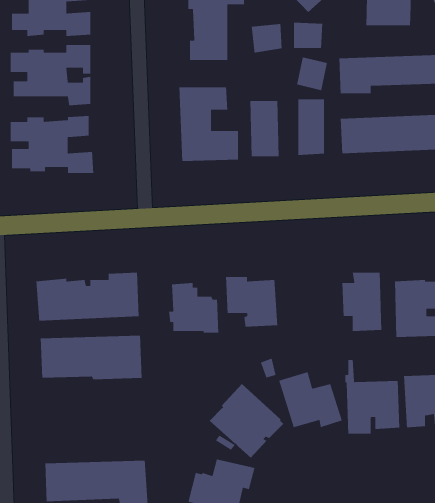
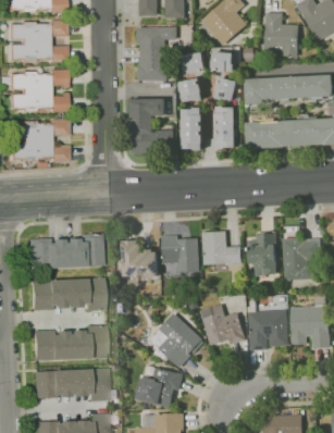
building: none -> [177,77,202,102]
building: none -> [203,230,244,272]
building: none -> [32,324,106,359]

